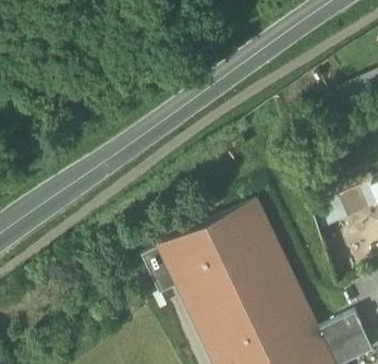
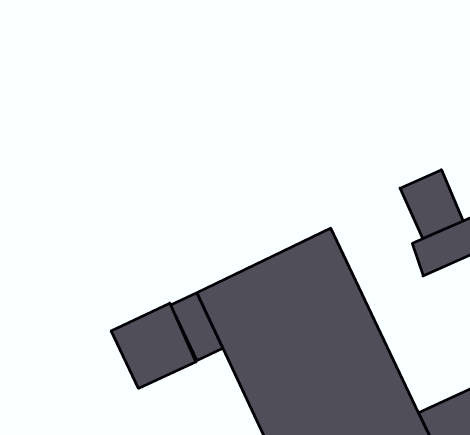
building: none -> [400,170,463,238]
building: none -> [111,303,196,388]

